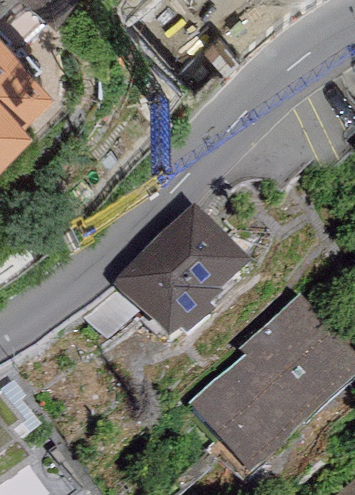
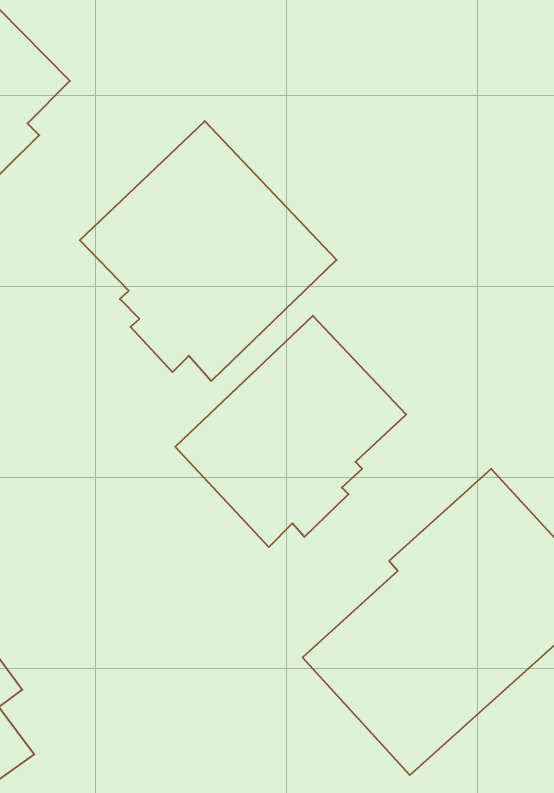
building: none -> [80,121,337,381]

